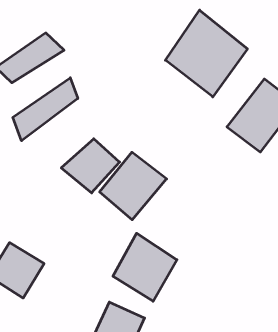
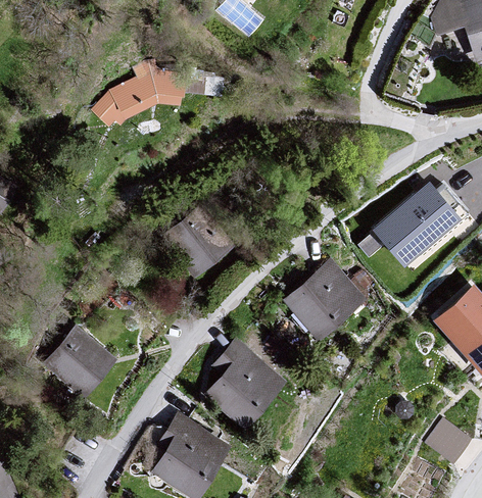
building: [165,10,247,97] -> none
building: [13,78,78,141] -> none
building: [100,152,167,220] -> [281,256,368,341]

